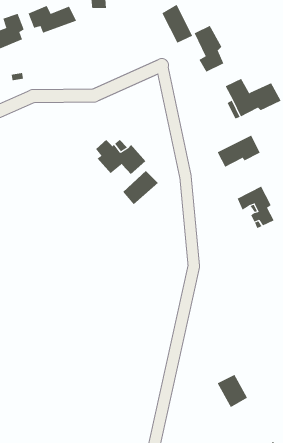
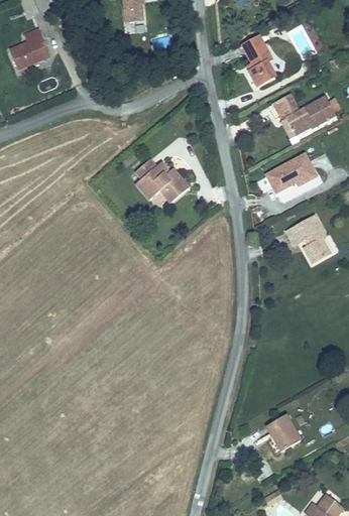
building: [161,4,193,43] -> none
building: [28,5,77,34] -> none
building: [122,170,159,205] -> none

